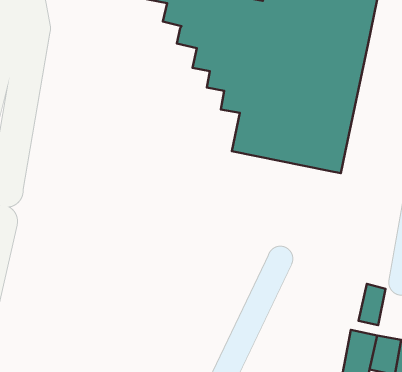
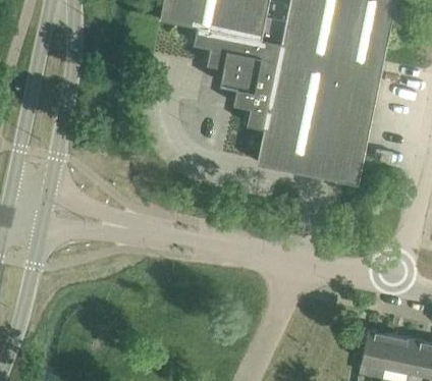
building: [358,284,385,325] -> none

